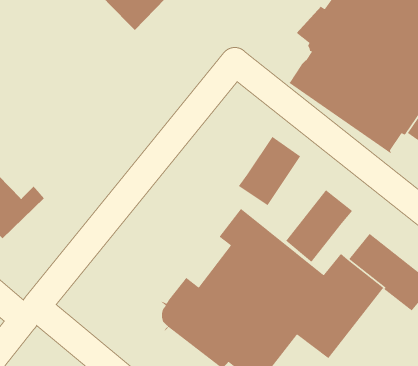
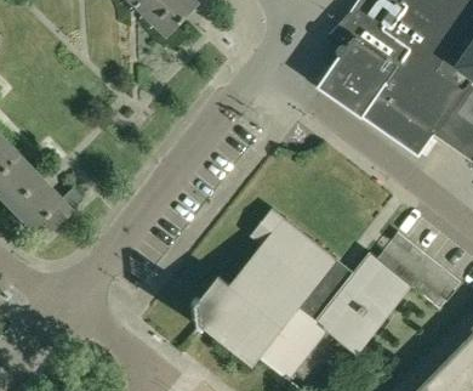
building: [238,136,301,206] -> none
building: [285,189,353,263] -> none

